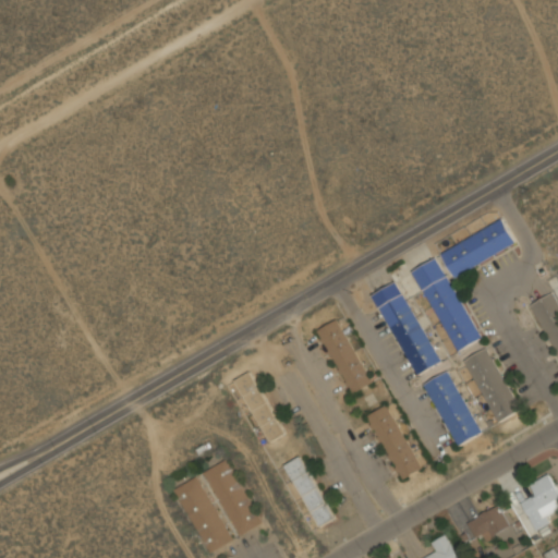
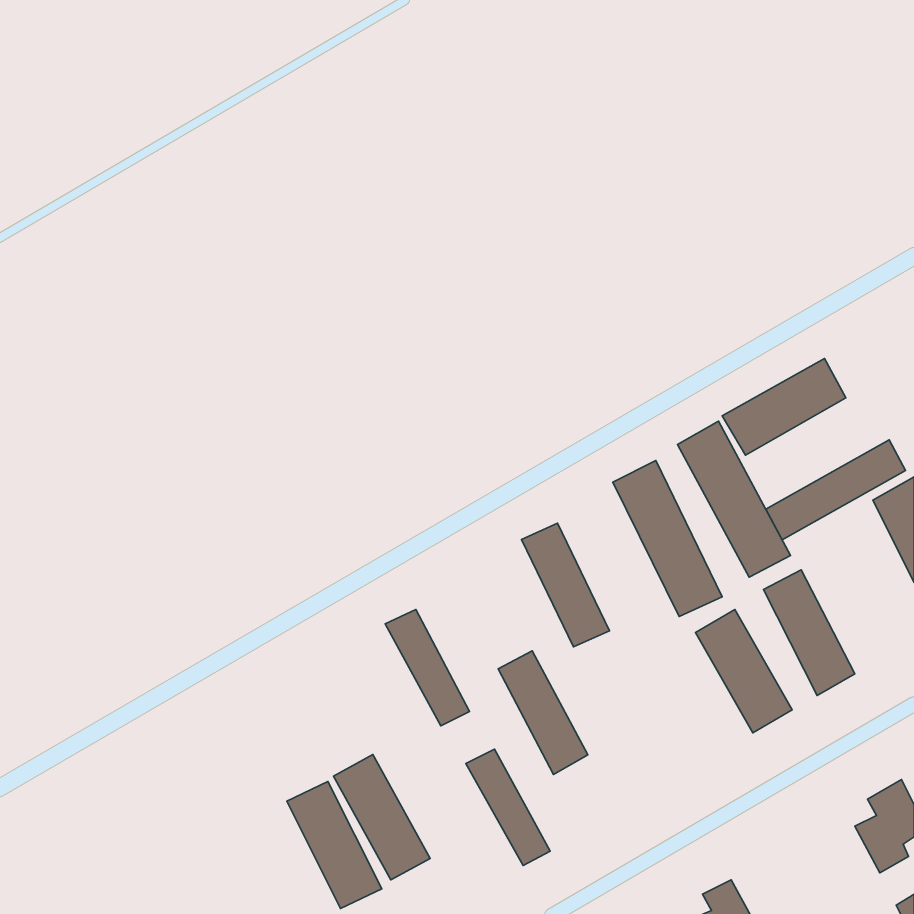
building: none -> [766,440,905,540]
building: [366,405,421,481] -> [498,651,588,775]
building: [466,506,509,544] -> none

